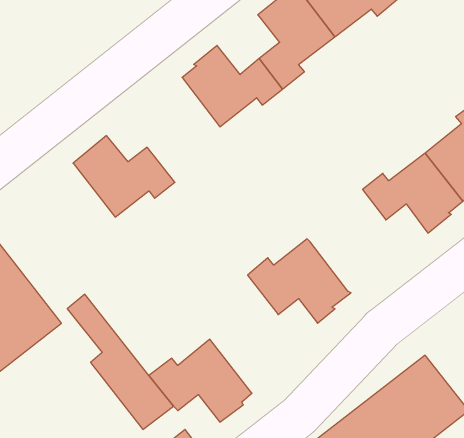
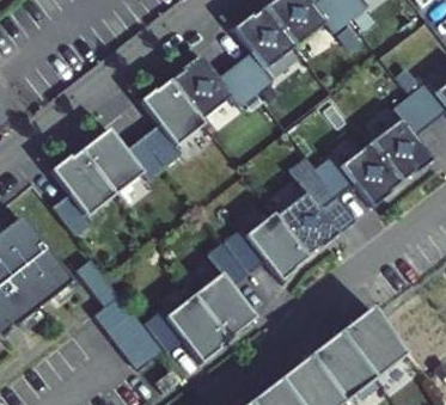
building: none -> [140,80,204,166]
building: none -> [50,151,115,235]
building: none -> [275,172,338,256]
building: none -> [193,243,256,339]

